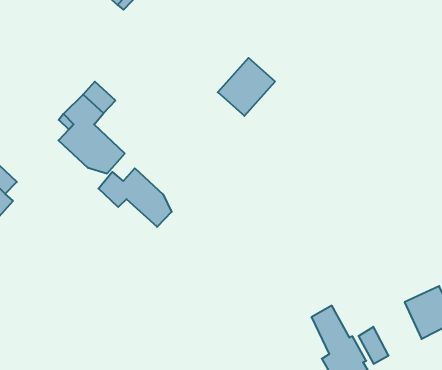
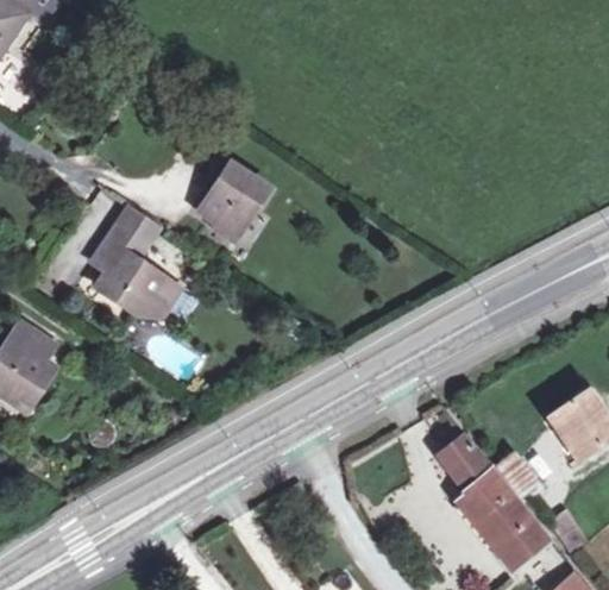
building: [218,58,275,116] -> [200,162,268,233]
building: [98,168,172,227] -> none

